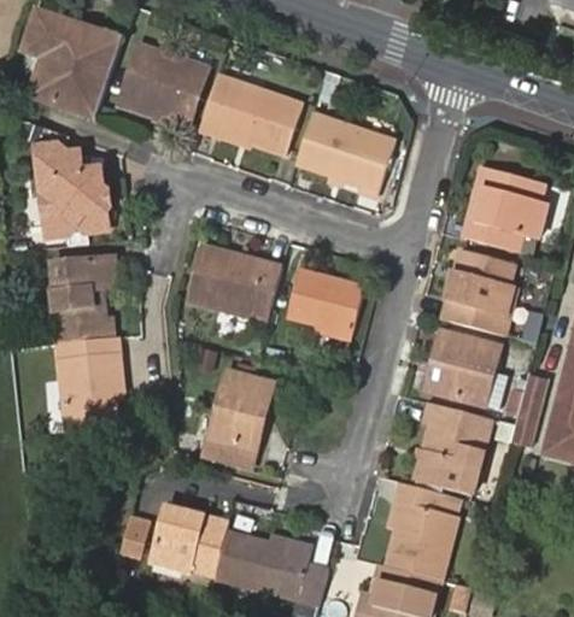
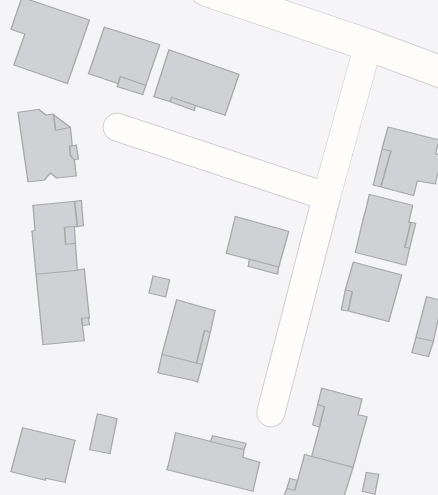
building: [294,110,391,187] -> none
building: [183,249,280,325] -> none
building: [415,400,491,492] -> none
building: [148,511,227,577] -> [11,428,75,482]

